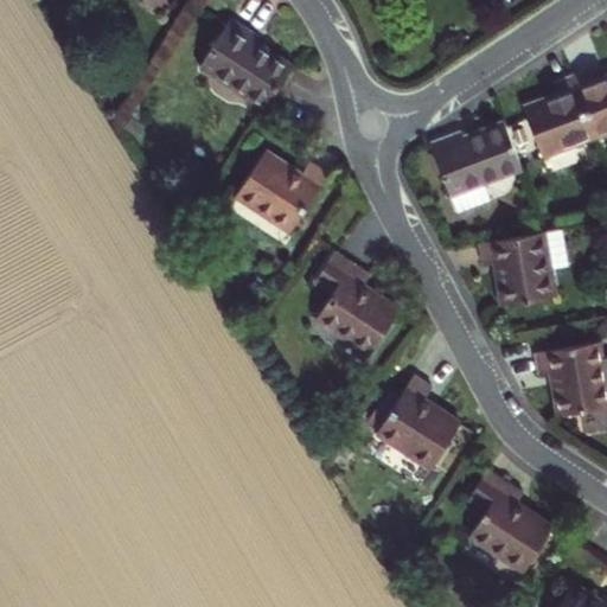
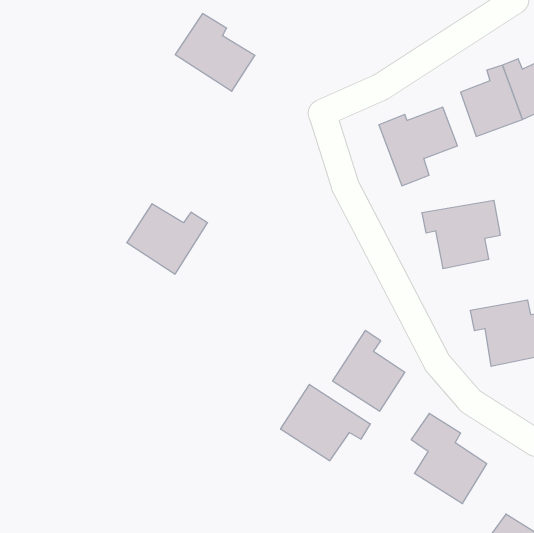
building: [237,153,328,232] -> [127,204,208,274]
building: [314,254,400,354] -> none
building: none -> [281,384,370,461]

